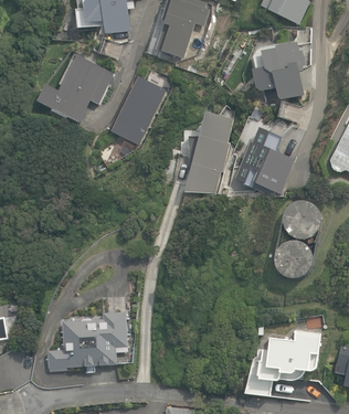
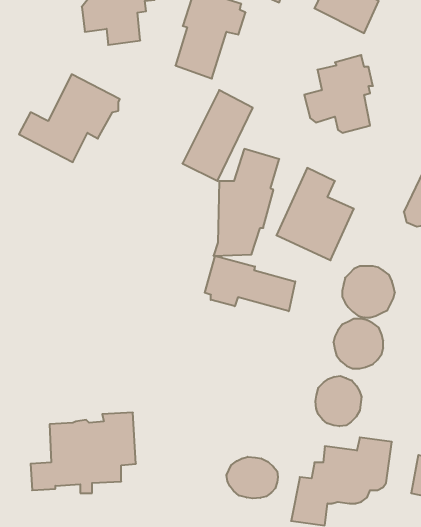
building: [113,77,166,146] -> [182,90,253,181]
building: none -> [205,256,295,311]
building: none -> [316,376,361,426]
building: none -> [227,457,278,498]

